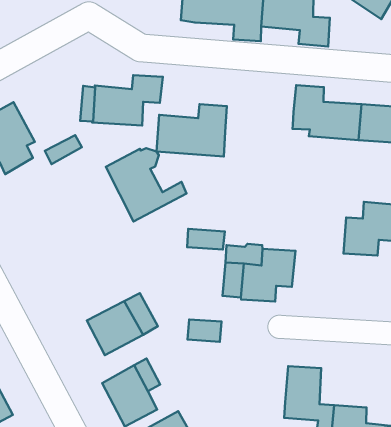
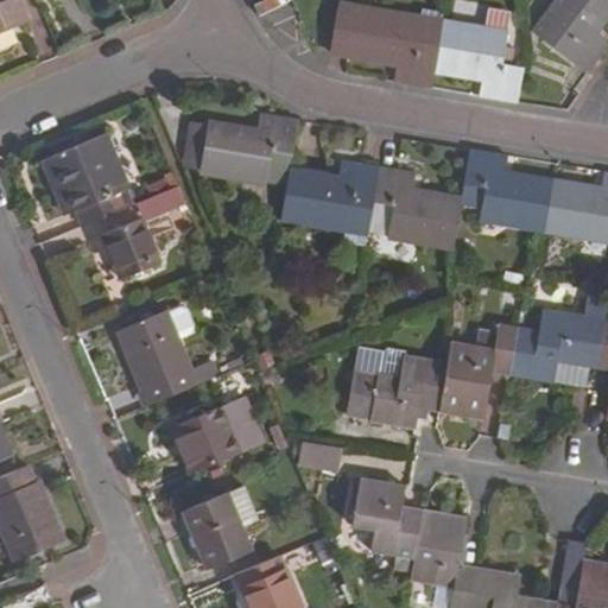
building: none -> [373,167,462,247]
building: [106,148,186,222] -> [116,312,217,406]
building: none -> [100,218,158,280]
building: none -> [439,324,519,418]
building: [187,229,225,250] -> none
building: none -> [355,481,424,572]

